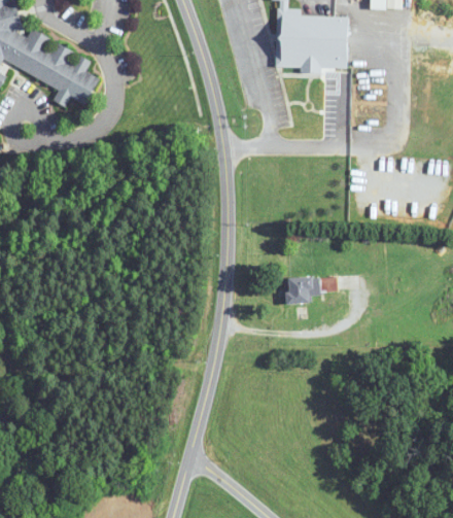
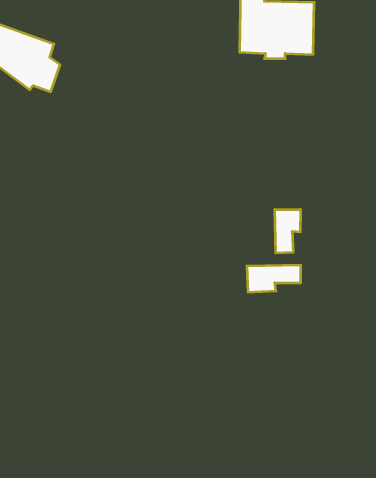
building: none -> [275,209,300,253]

